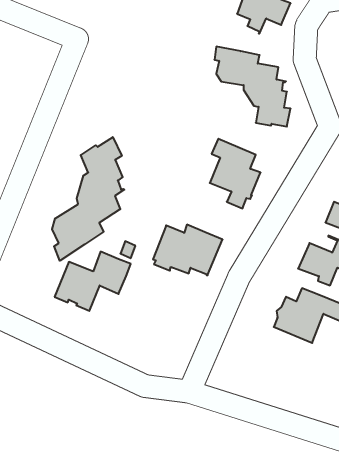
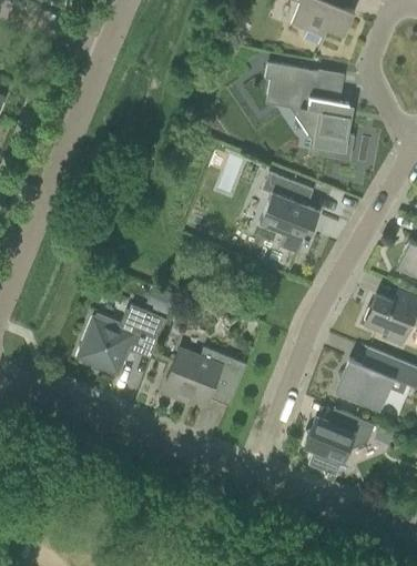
building: [52,137,124,261] -> none
building: [153,225,223,275] -> [164,346,246,406]
building: none -> [304,411,375,476]

